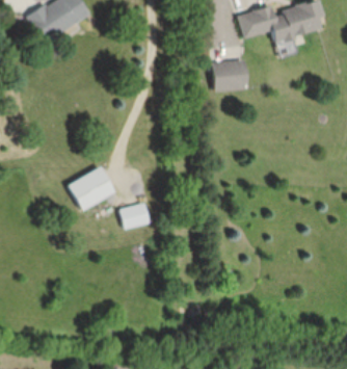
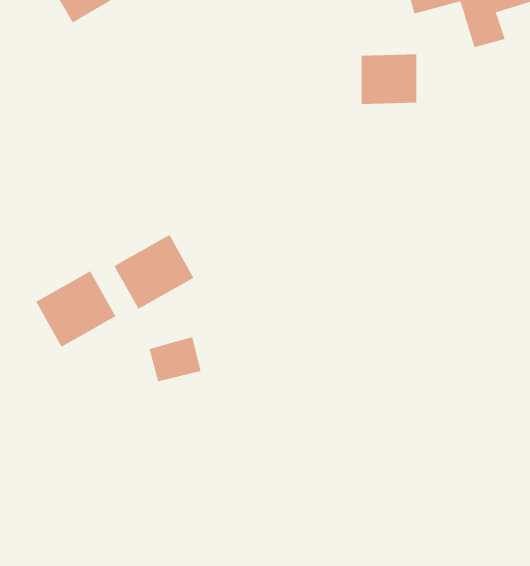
building: none -> [35,270,117,348]
building: [118,203,150,230] -> [149,336,202,382]

